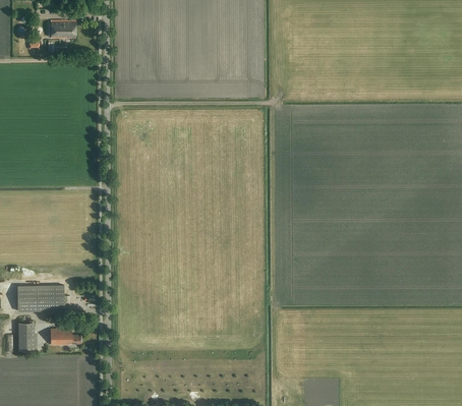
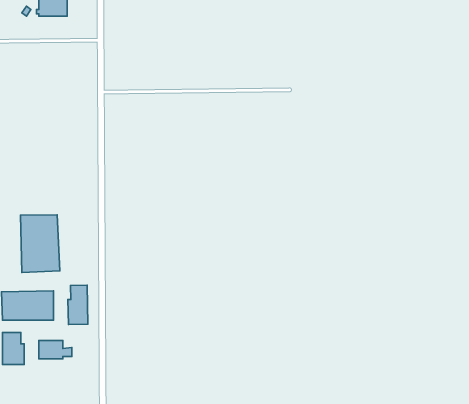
building: none -> [20,215,60,273]
building: none -> [68,285,88,325]

